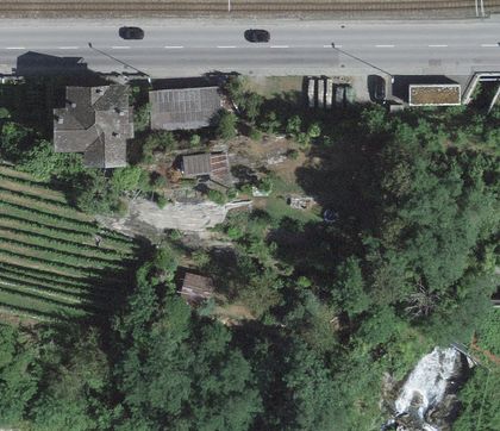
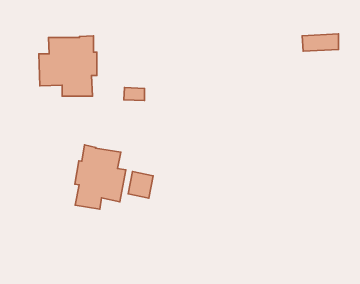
building: [152,89,214,120] -> none
building: none -> [75,145,126,209]

